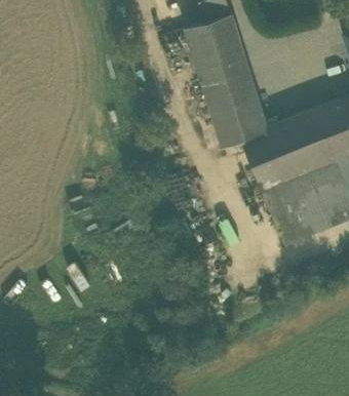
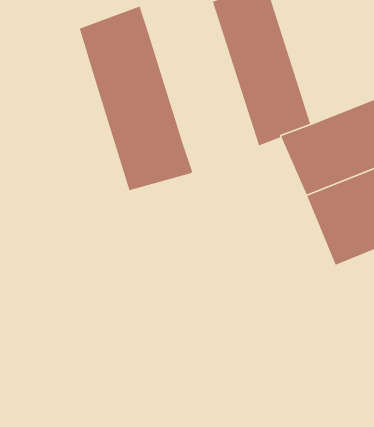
building: none -> [79,5,193,191]

